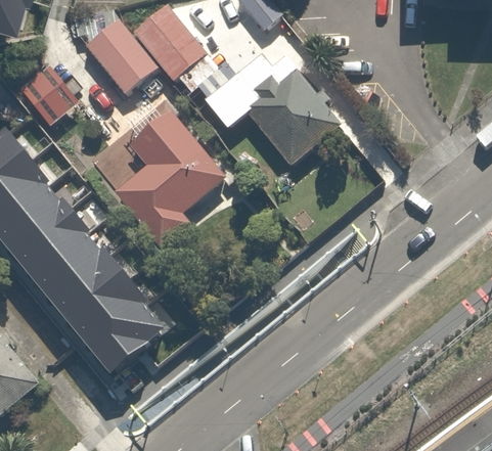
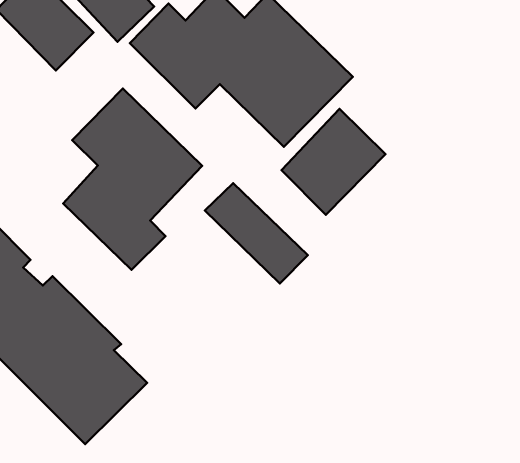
building: none -> [281,109,385,215]
building: none -> [205,183,308,284]

